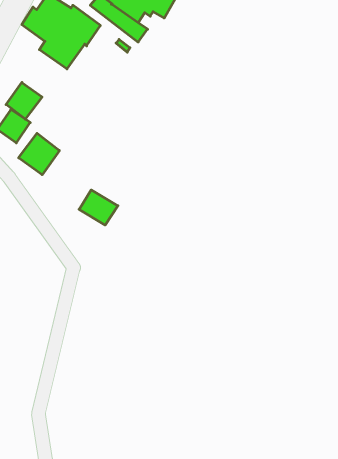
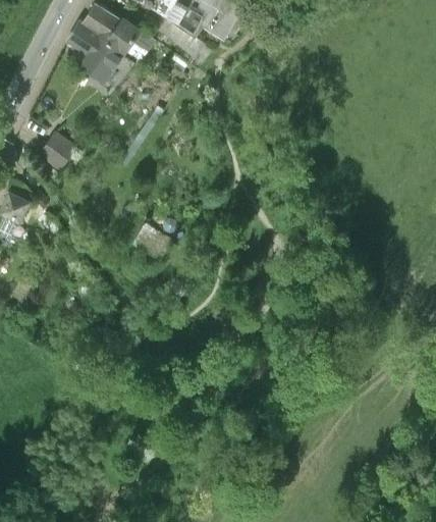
building: [6,82,42,119] -> none
building: [19,133,59,175] -> none

